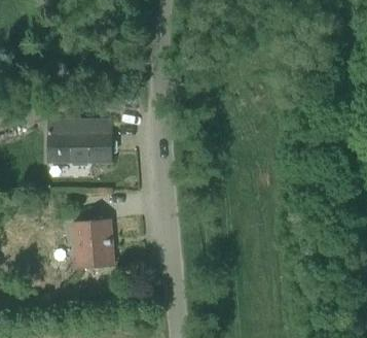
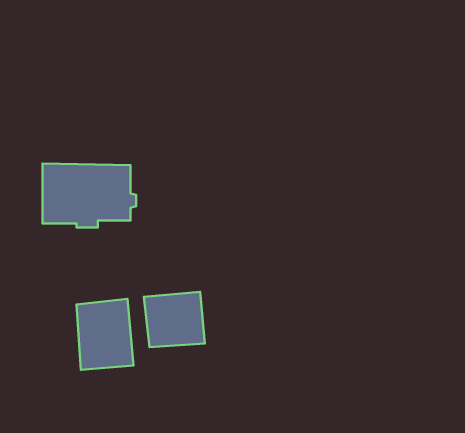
building: none -> [144,292,205,347]

